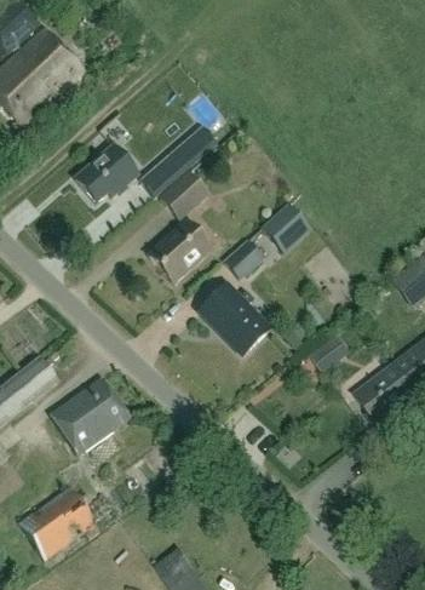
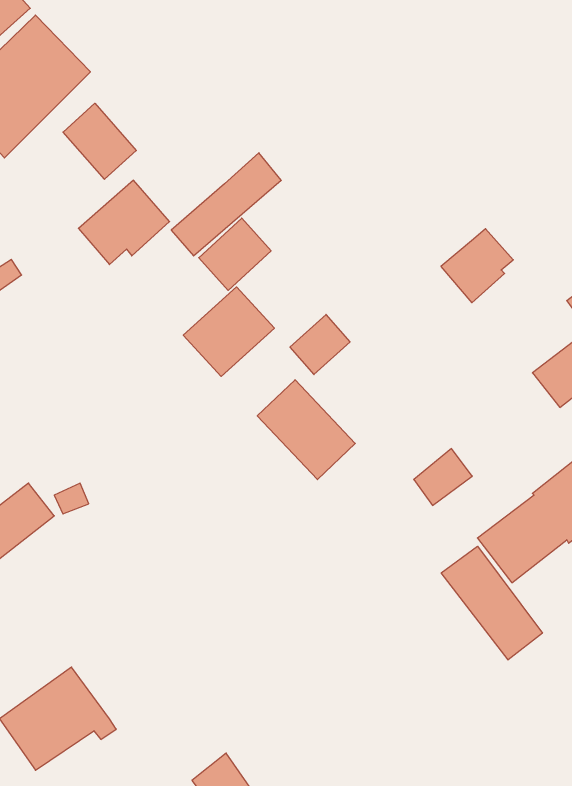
building: none -> [63,103,136,179]
building: [262,200,312,252] -> [441,229,513,303]
building: [51,377,131,453] -> none
building: none -> [441,546,542,660]

